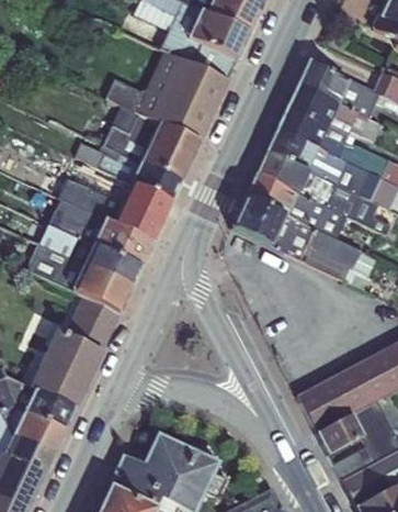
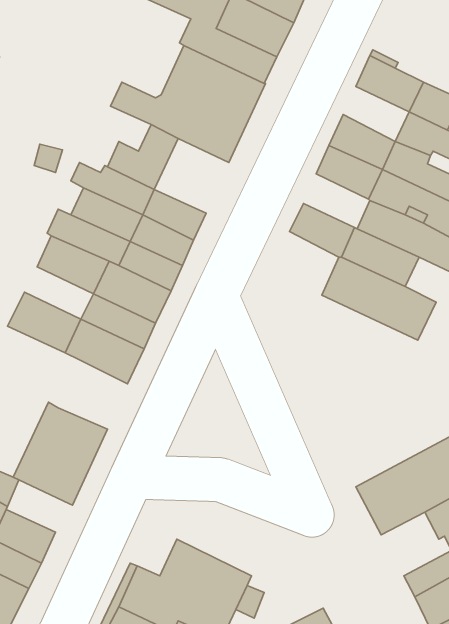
building: [287,82,339,125] -> none
building: [140,123,198,181] -> none
building: [257,151,308,193] -> none
building: [232,196,284,245] -> none
building: [39,223,93,264] -> none
building: [66,296,120,349] -> none
building: [25,389,75,430] -> none
building: [317,414,362,454] -> none

